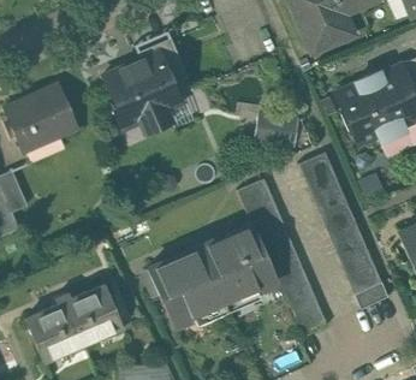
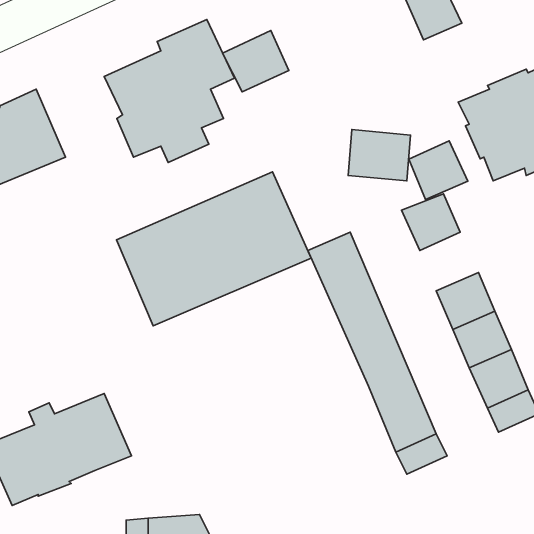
building: none -> [223,30,289,92]
building: [310,179,349,218] -> [409,141,468,200]
building: [149,224,277,325] -> [117,172,311,326]

